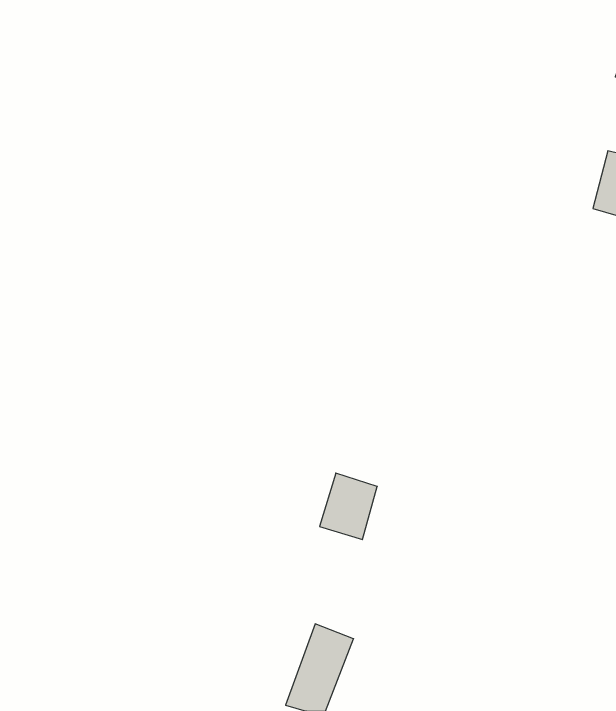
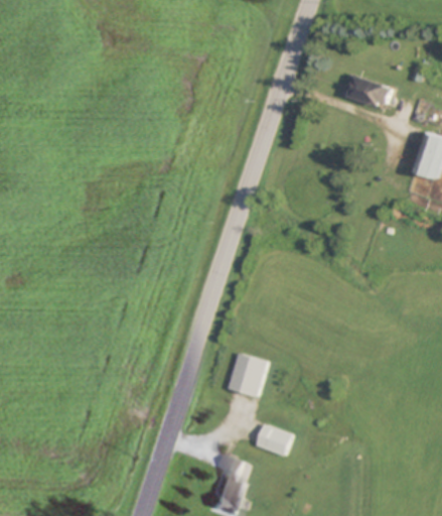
building: none -> [347,74,396,109]
building: none -> [256,423,292,457]

